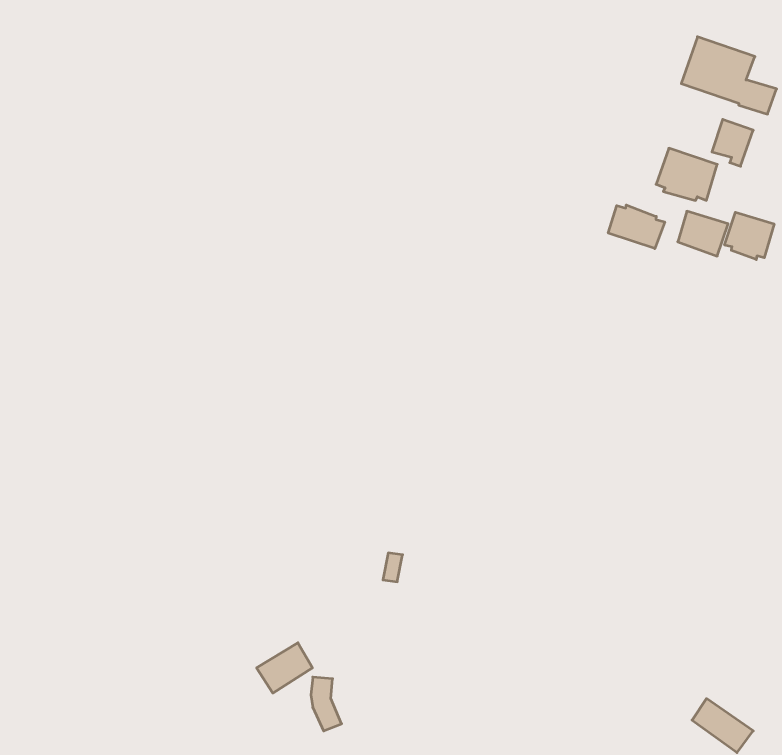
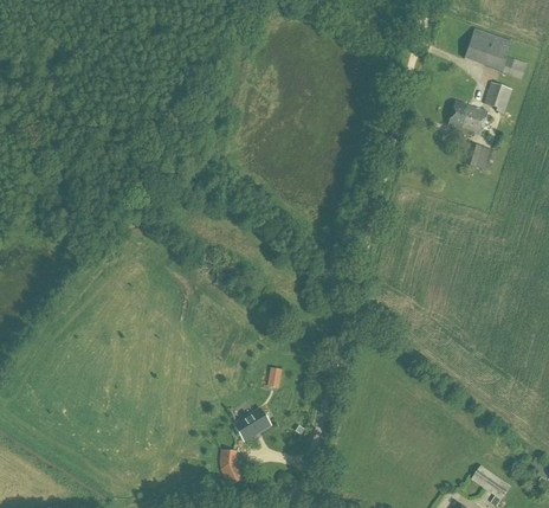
building: [608,205,665,249] -> none
building: [725,212,774,260] -> none
building: [257,643,312,693] -> [233,407,270,441]

